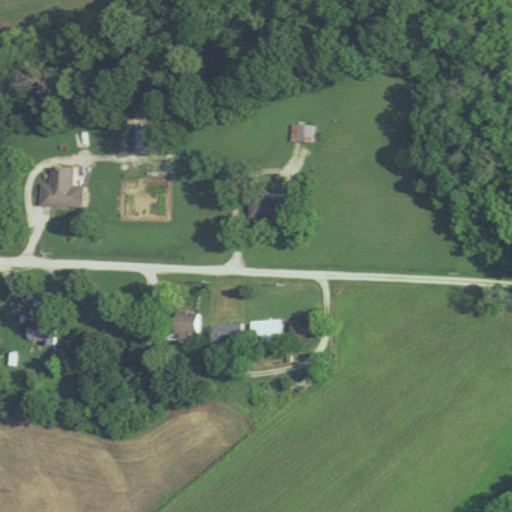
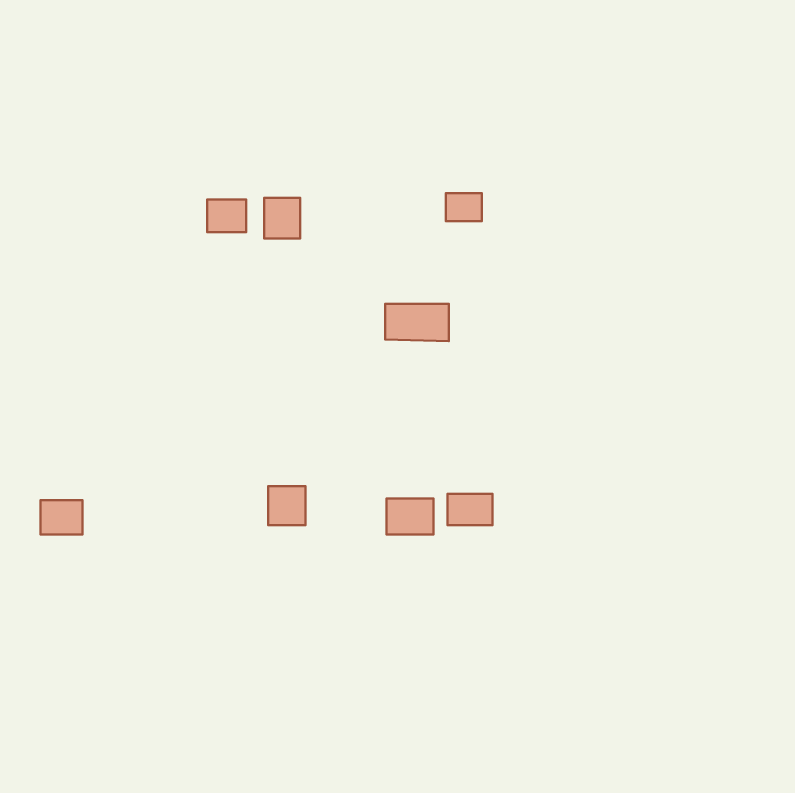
building: none -> [264,198,300,238]
building: [39,165,83,207] -> none
building: [208,323,240,344] -> none

